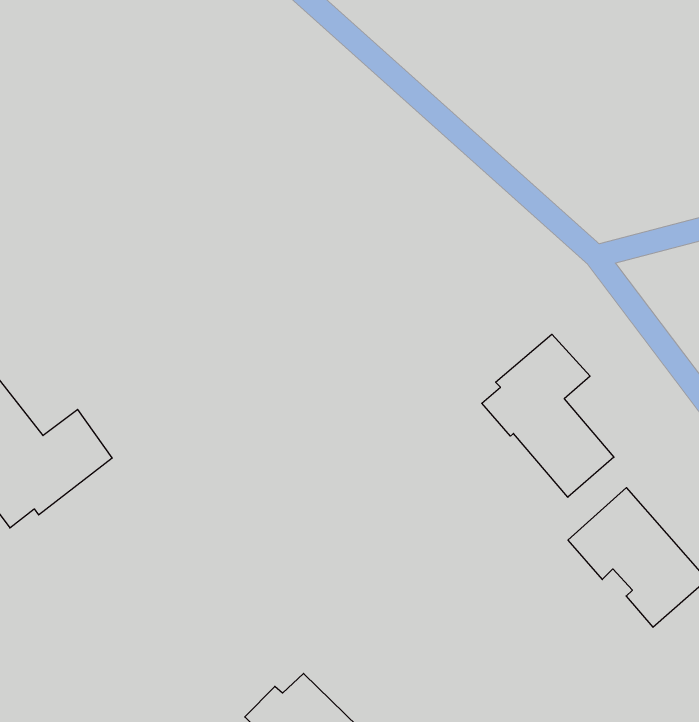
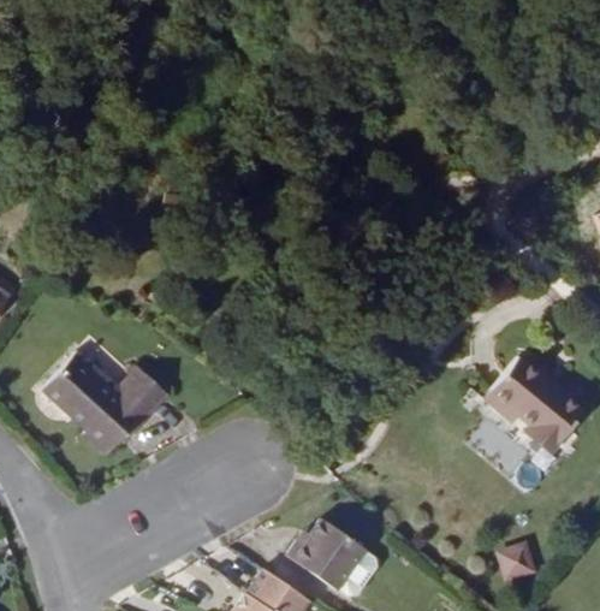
building: [482,334,614,497] -> none

